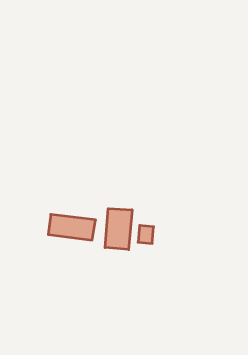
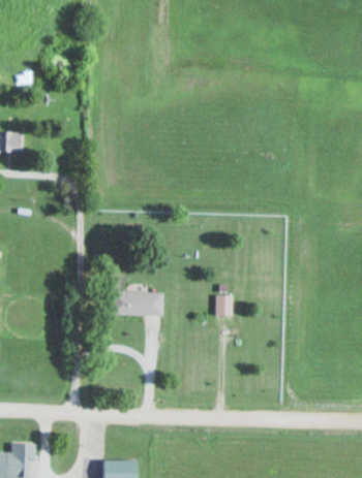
building: [105,209,132,250] -> none

